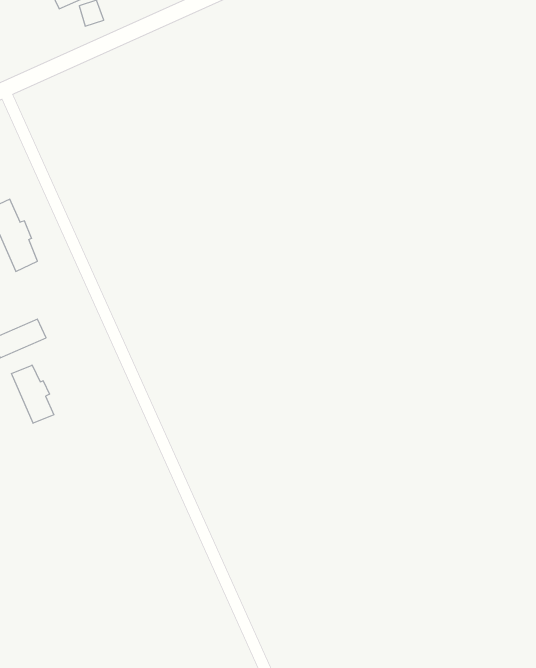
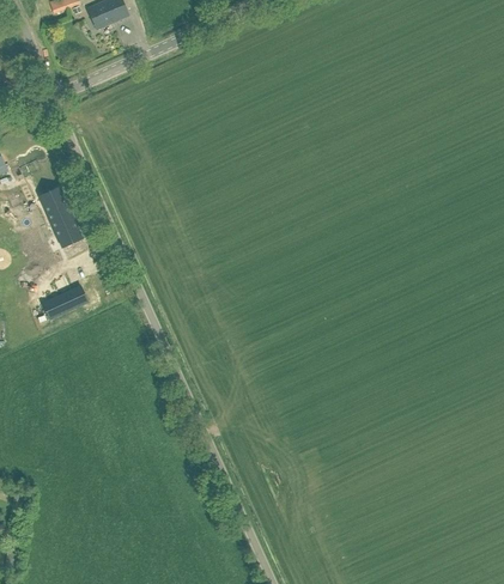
building: [11,365,54,423] -> none

